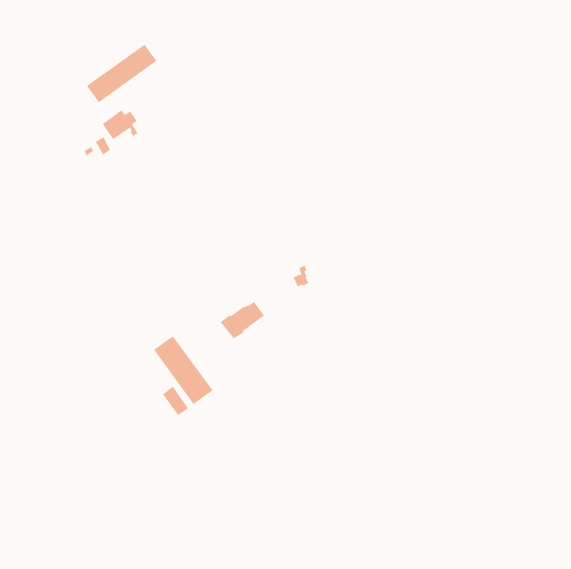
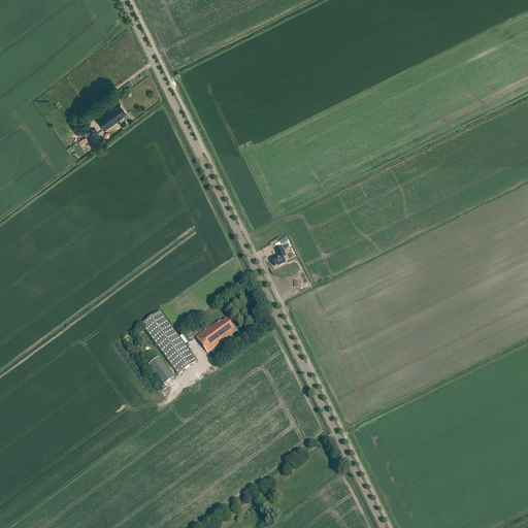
building: [86,44,157,103] -> none
building: [220,301,265,339] -> [195,317,236,352]

